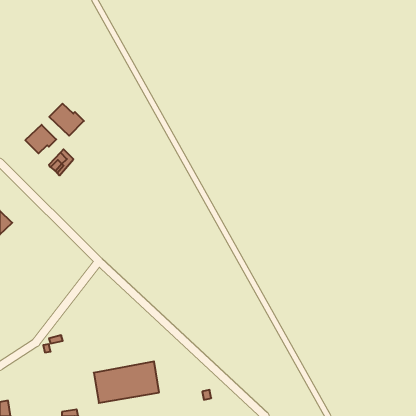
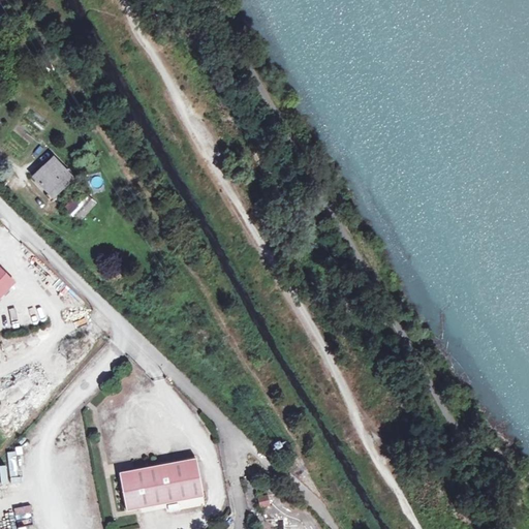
building: [49,104,84,136] -> none

